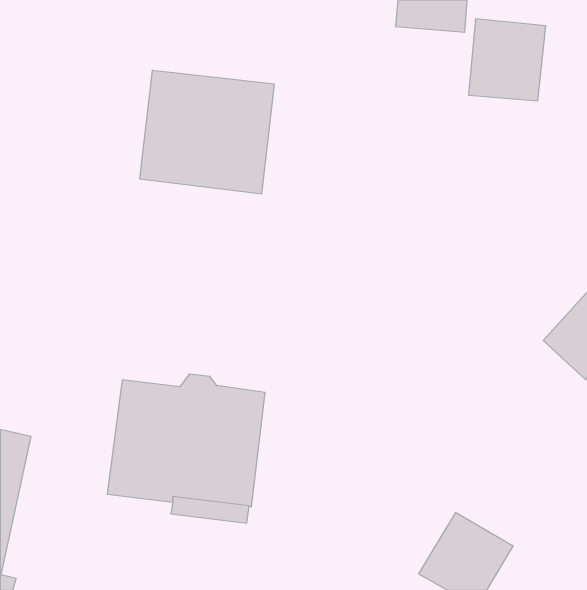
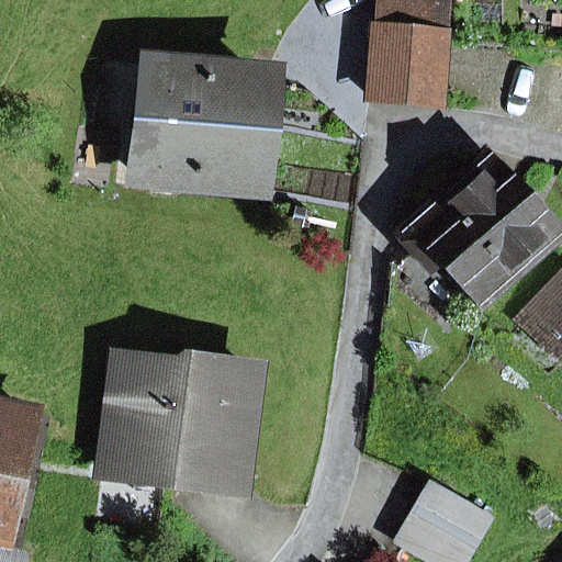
building: [469,19,546,101] -> [372,29,446,106]
building: none -> [397,158,555,305]

